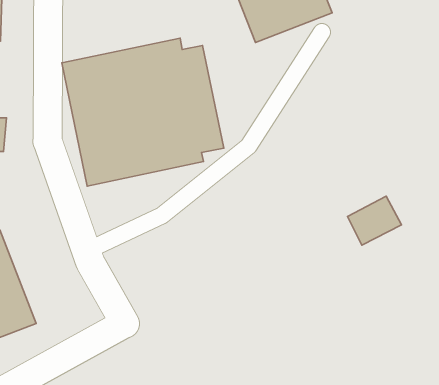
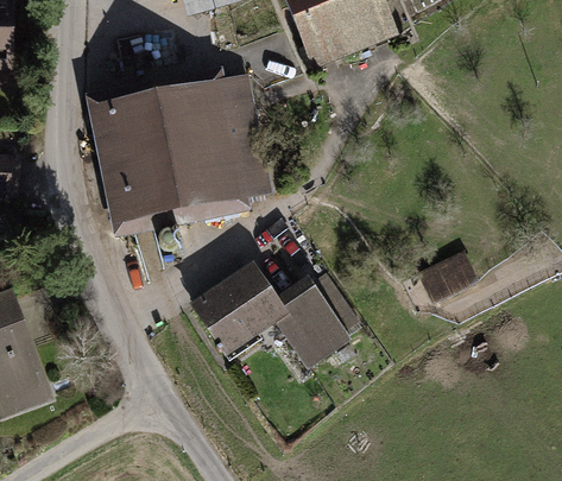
building: none -> [188,260,351,368]

